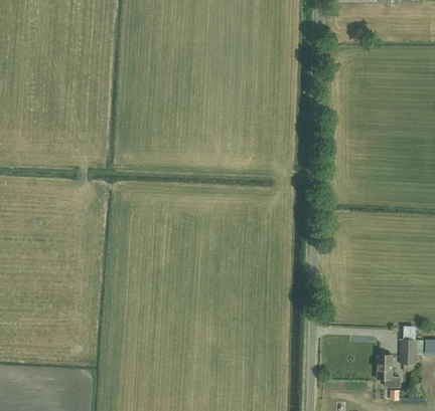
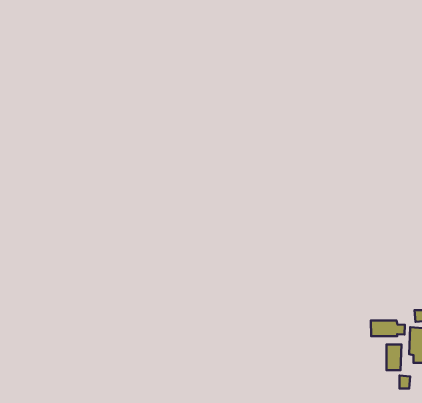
building: none -> [371,321,405,336]

